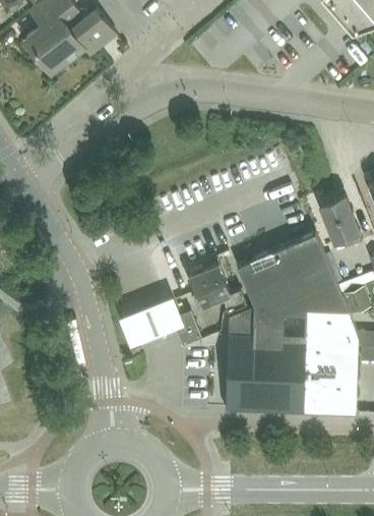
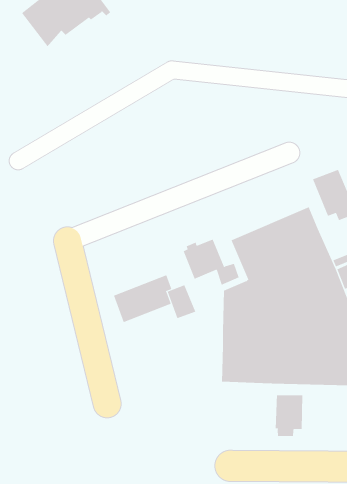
building: none -> [275,395,303,437]

